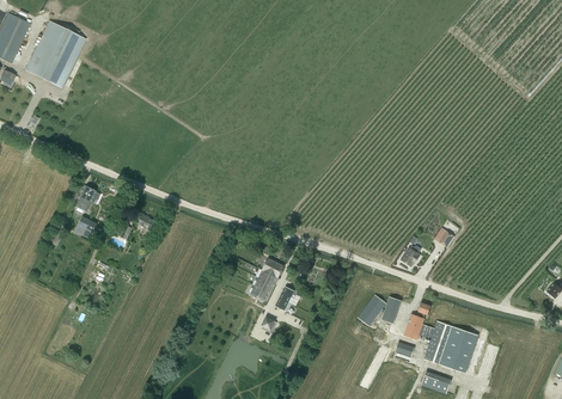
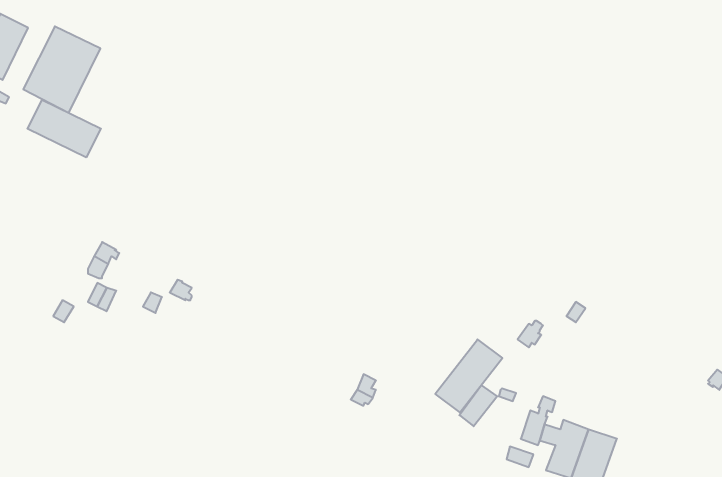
building: none -> [27,100,101,157]
building: [249,257,283,300] -> none
building: none -> [435,339,502,413]

